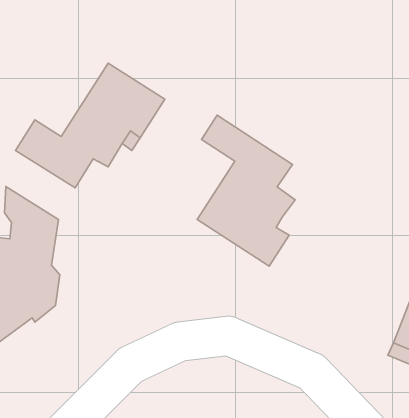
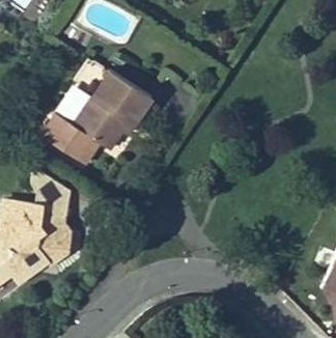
building: [197,115,295,266] -> none

